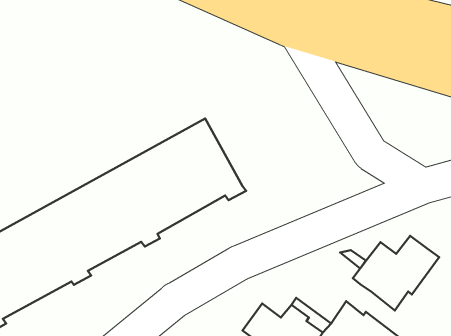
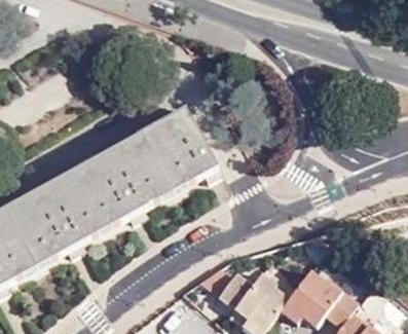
building: [353,236,439,311] -> none

